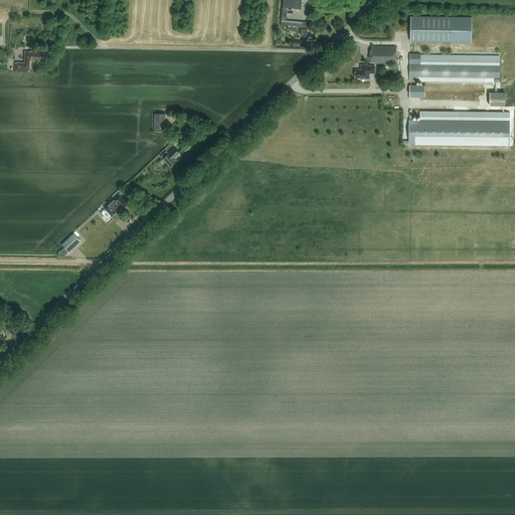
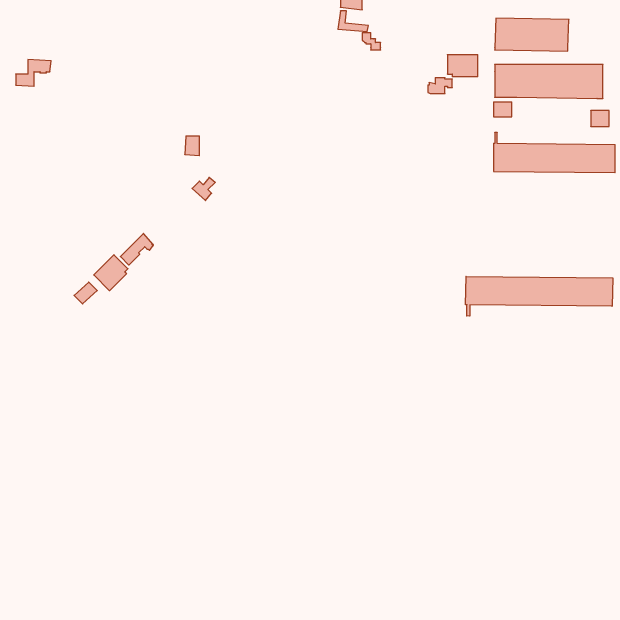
building: none -> [94,255,128,291]
building: none -> [466,276,613,316]

